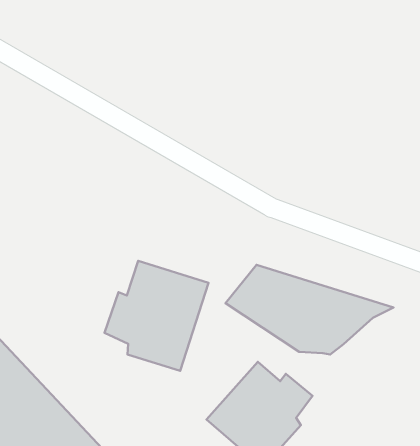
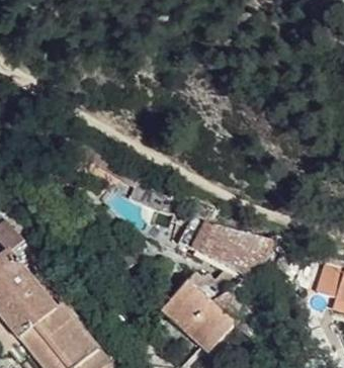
building: [104,261,209,371] -> none

